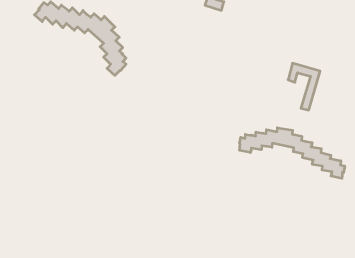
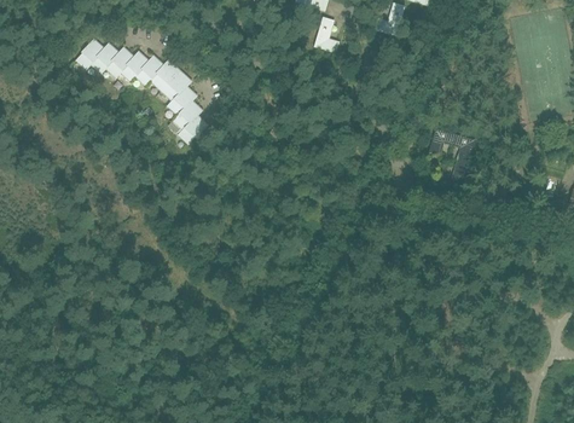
building: [240,128,345,178] -> none

